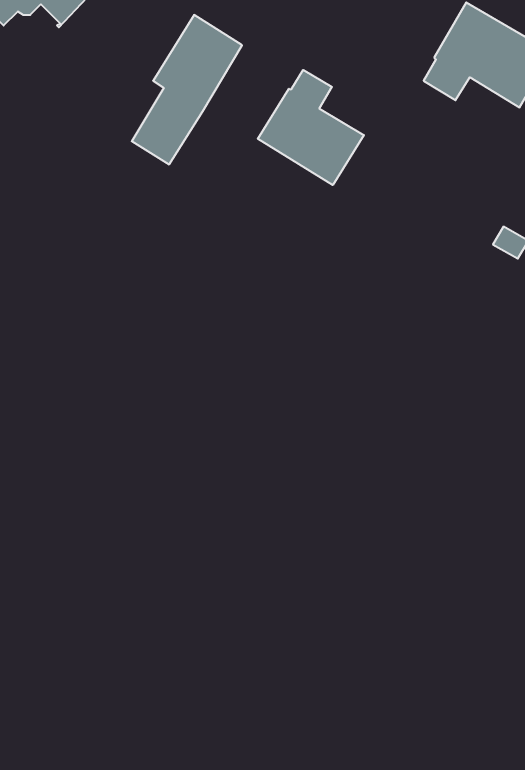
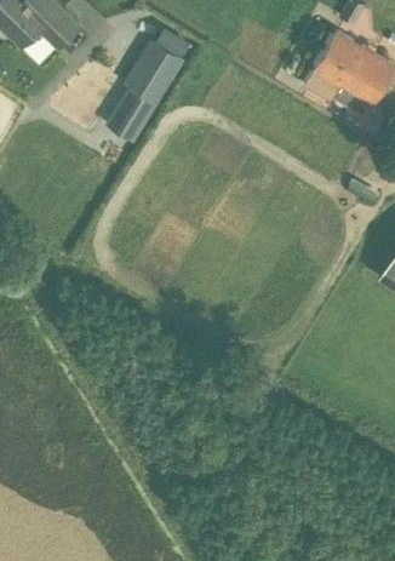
building: [258,70,364,185] -> none

